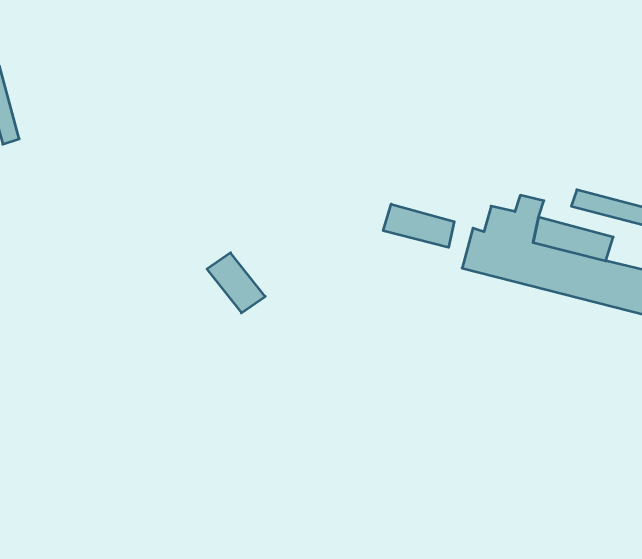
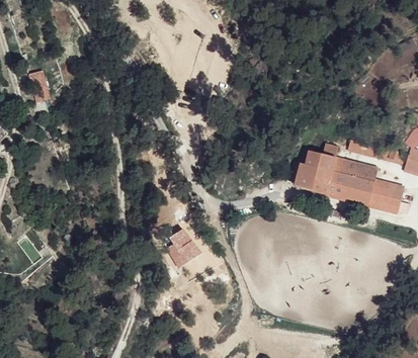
building: [383,204,454,247] -> none
building: [207,253,265,313] -> [169,229,201,262]

